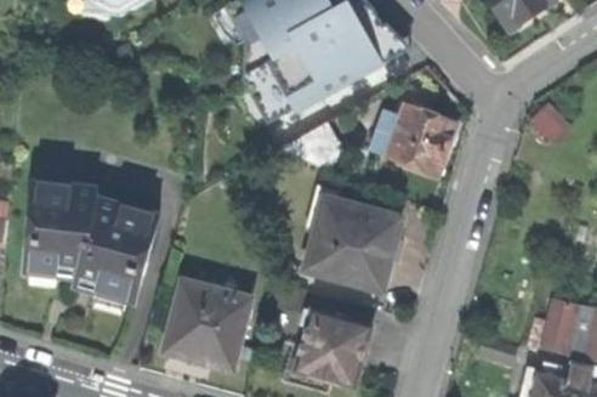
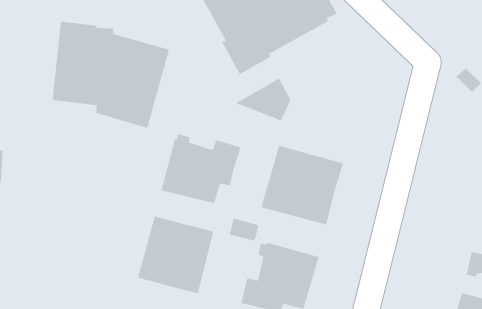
building: [373,104,457,175] -> none
building: [24,180,160,304] -> [52,21,170,129]
building: none -> [161,133,241,204]

